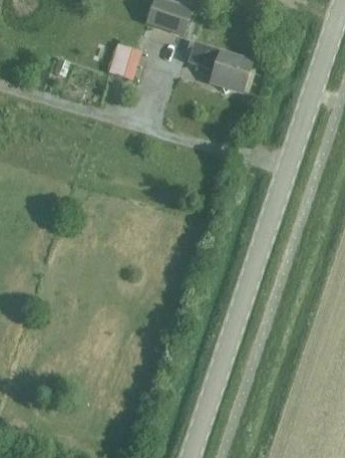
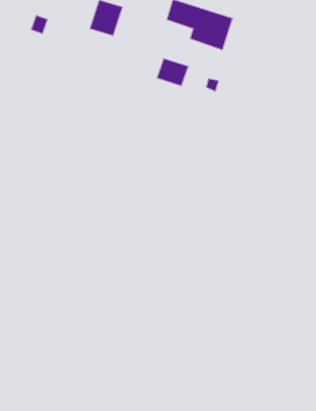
building: none -> [157,58,188,86]

